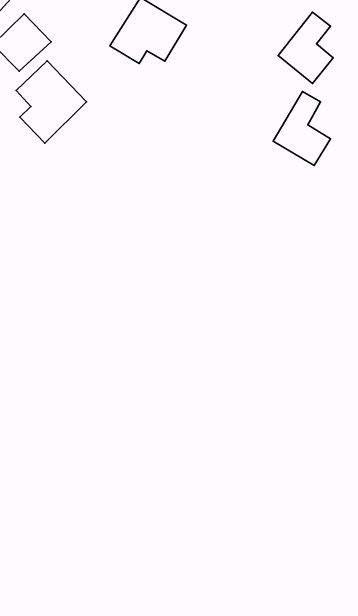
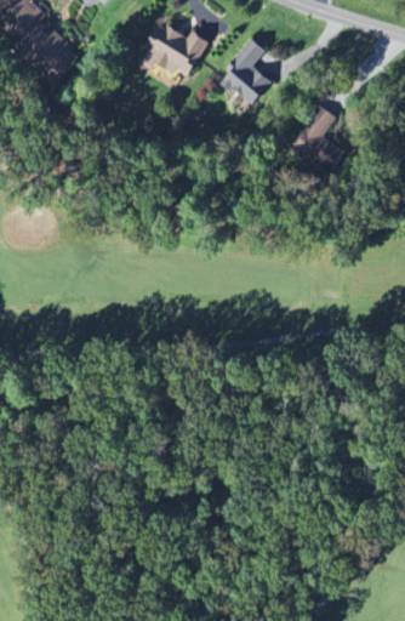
building: [278,12,333,83] -> [218,36,270,104]
building: [16,61,87,143] -> none

